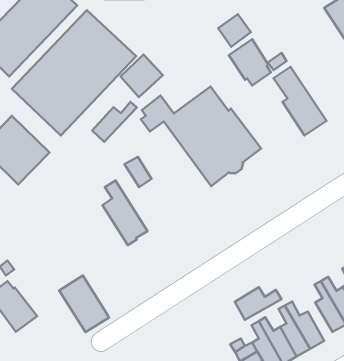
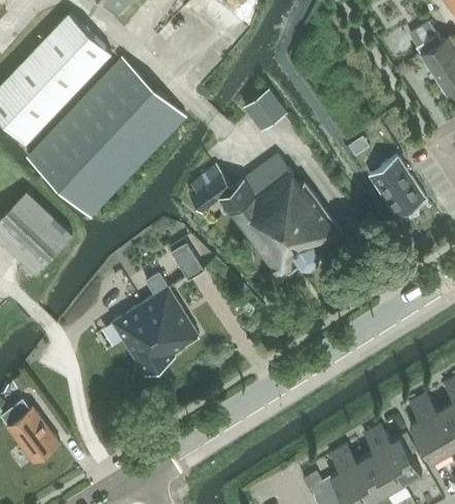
building: [218,14,251,47] -> [245,91,286,132]
building: [229,39,271,85] -> none
building: [121,55,163,97] -> none
building: [92,102,137,142] -> none
building: [59,276,109,332] -> [112,304,175,375]
building: [235,287,281,320] -> none

